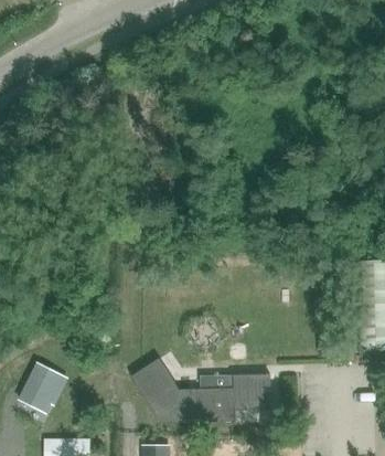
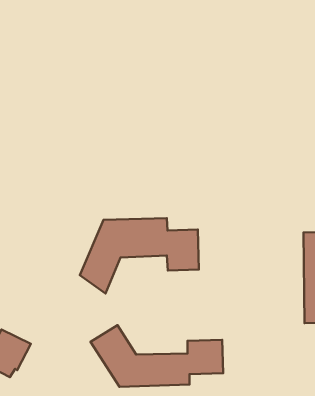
building: none -> [80,218,199,294]

